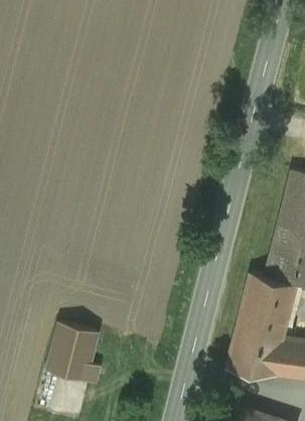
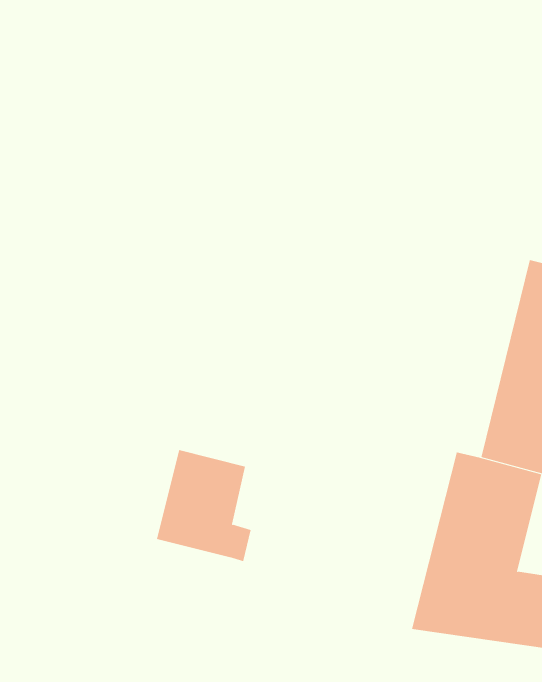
building: [47,322,99,383] -> [156,450,251,562]

